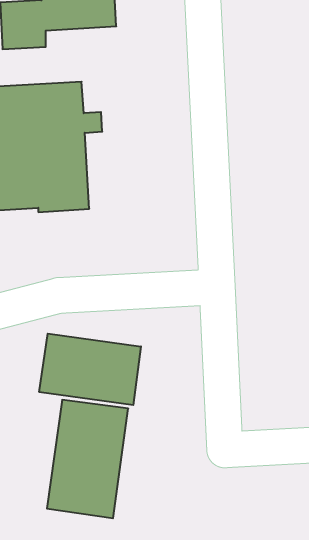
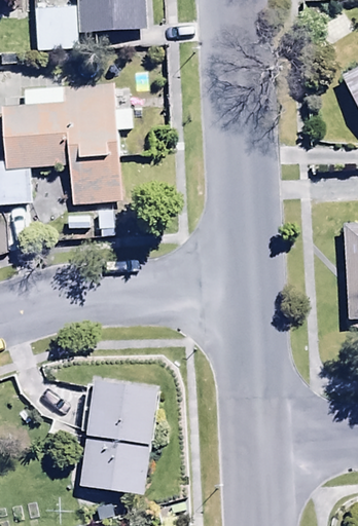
building: [39,334,141,405] -> none

